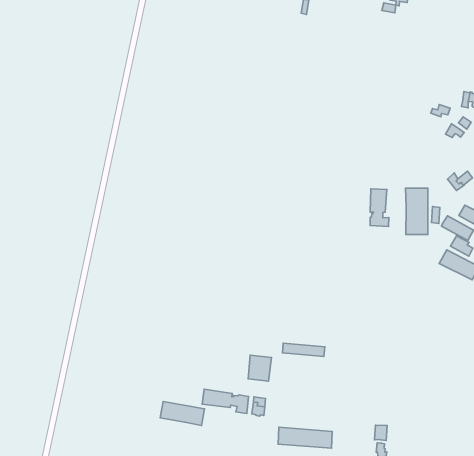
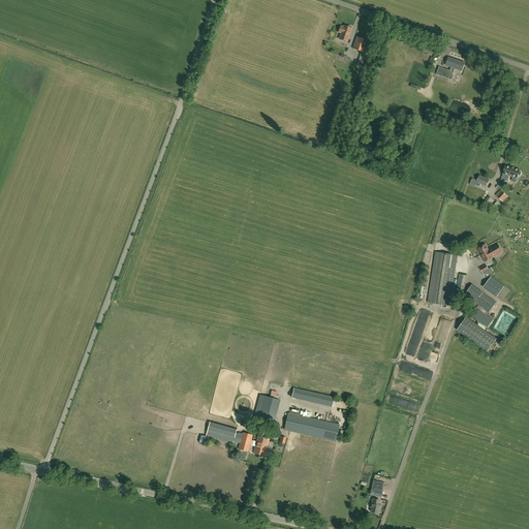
building: [370,189,389,226] -> none
building: [160,401,204,426] -> none
building: [278,427,332,448] -> [284,413,339,441]

